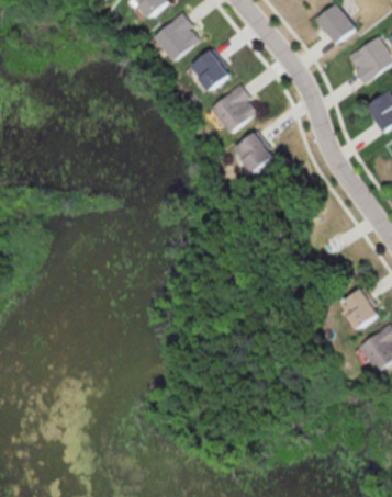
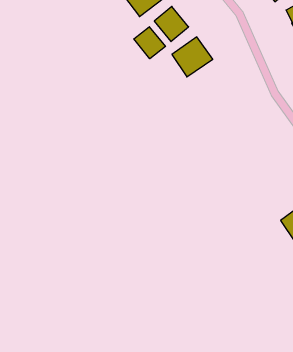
building: none -> [134,27,165,59]
building: [226,132,275,178] -> none

